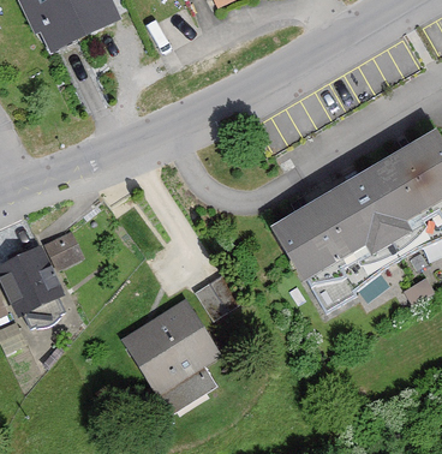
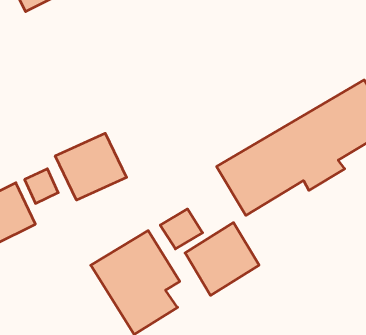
building: none -> [55,133,127,200]
building: none -> [185,223,259,295]

